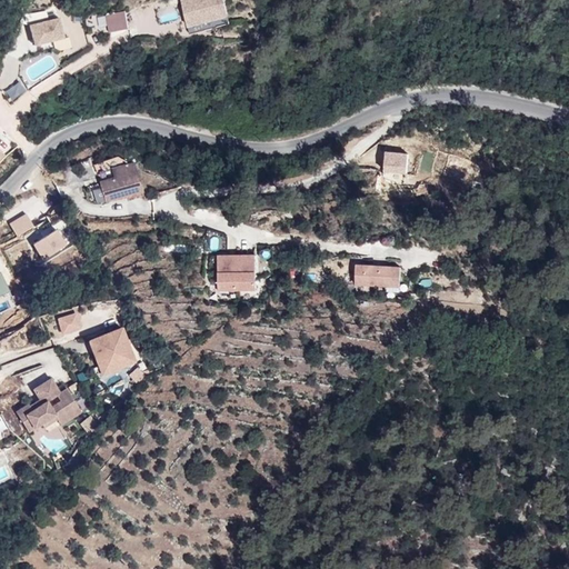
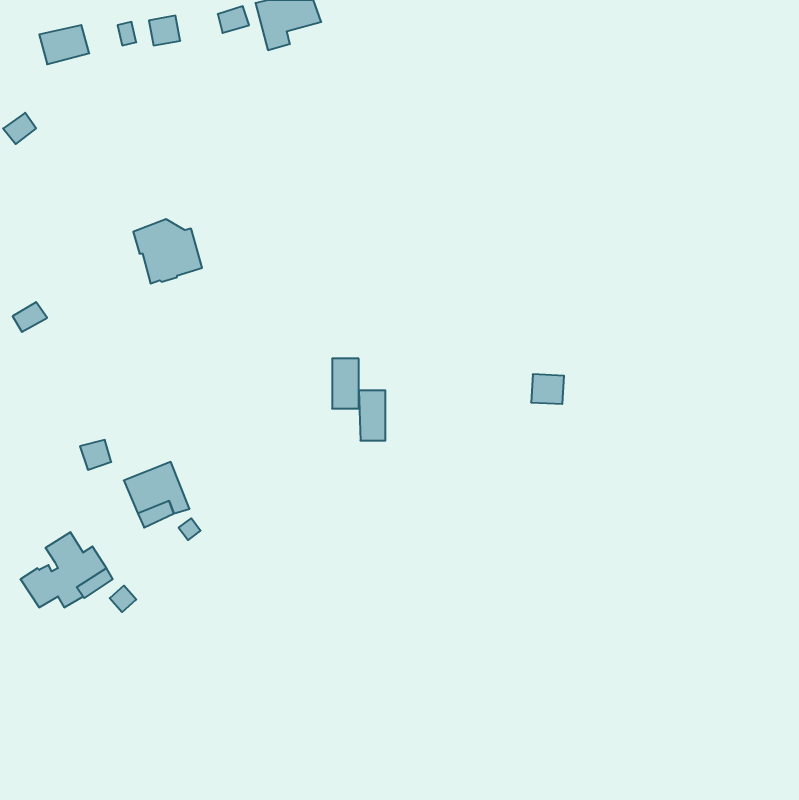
building: [382,152,407,178] -> none
building: [32,221,76,259] -> none
building: [217,254,236,290] -> [359,390,385,441]
building: [355,264,378,286] -> none

